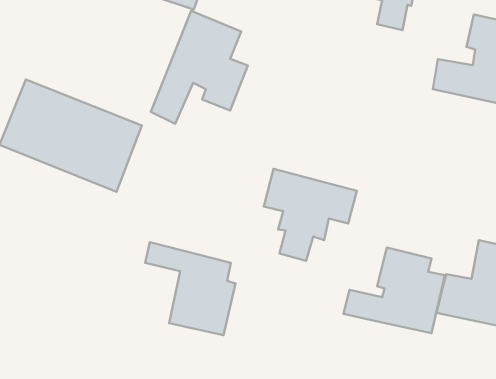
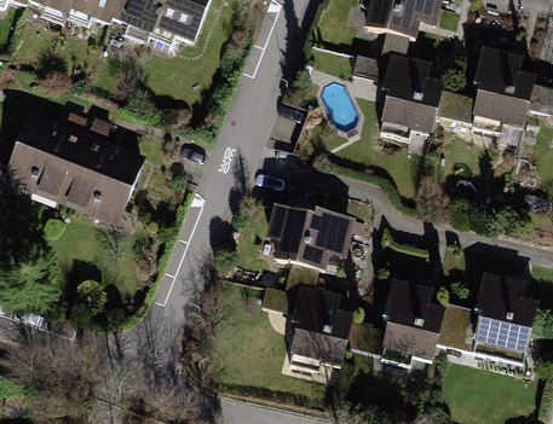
building: [151,11,248,124] -> none
building: none -> [353,54,444,134]
building: [145,242,236,335] -> [261,285,352,378]

